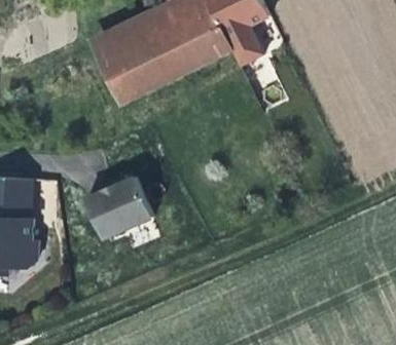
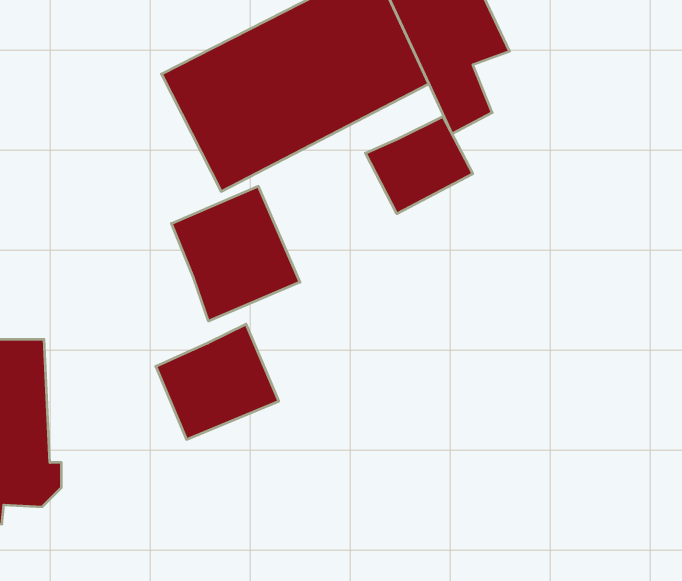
building: none -> [365,116,473,214]
building: none -> [171,186,300,321]

